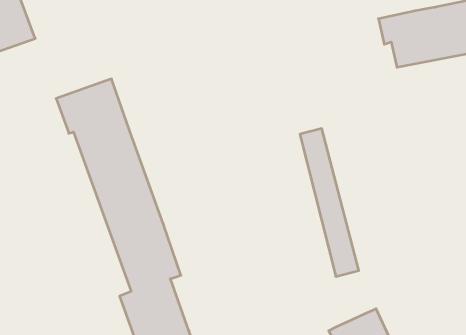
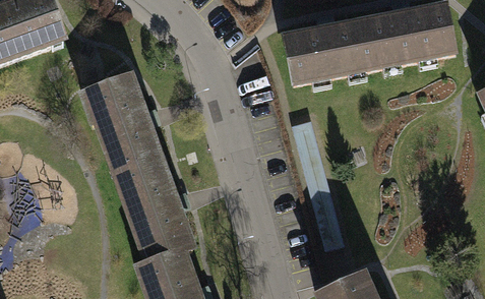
building: none -> [284,18,380,78]

